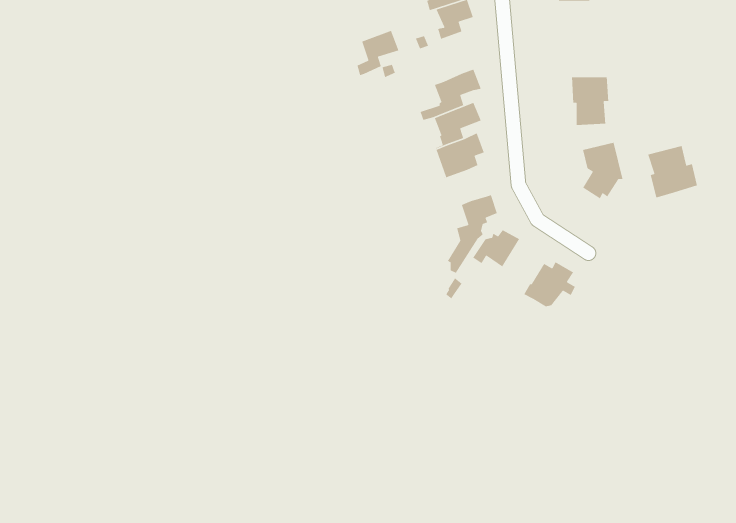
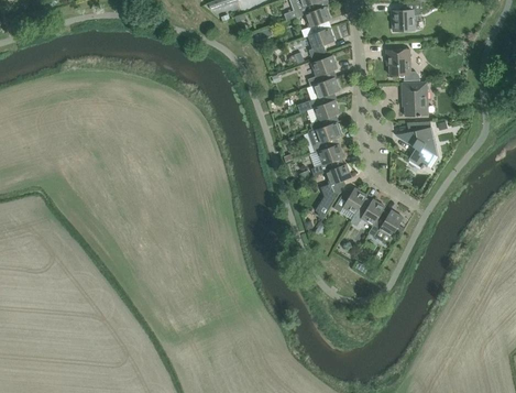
building: none -> [386,48,419,80]
building: [356,30,399,76] -> [308,55,338,87]
building: [647,145,698,198] -> none
building: none -> [311,143,344,176]
building: none -> [350,195,385,226]

